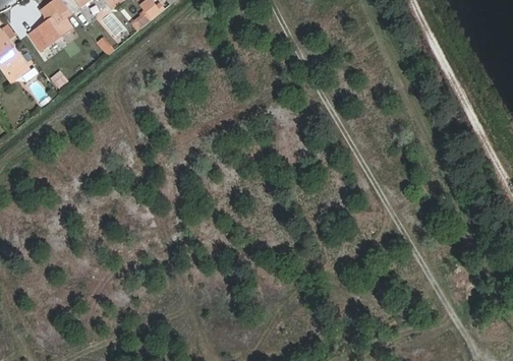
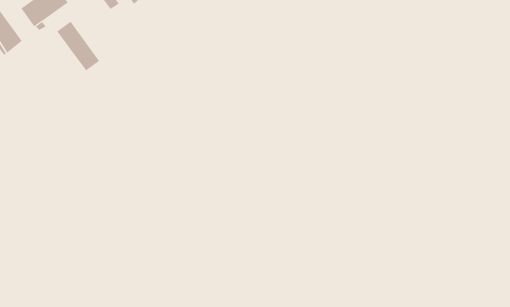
building: none -> [57,21,100,71]

